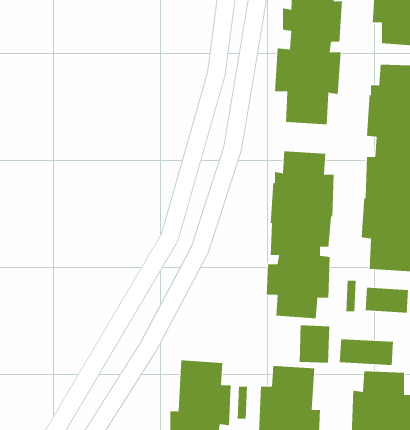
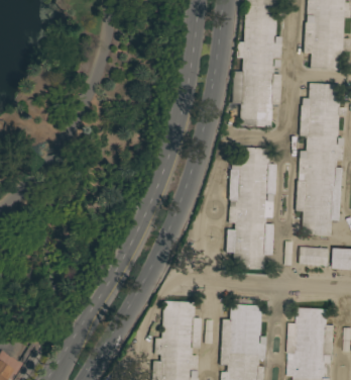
building: [299,325,330,364] -> none
building: [339,338,393,366] -> none

